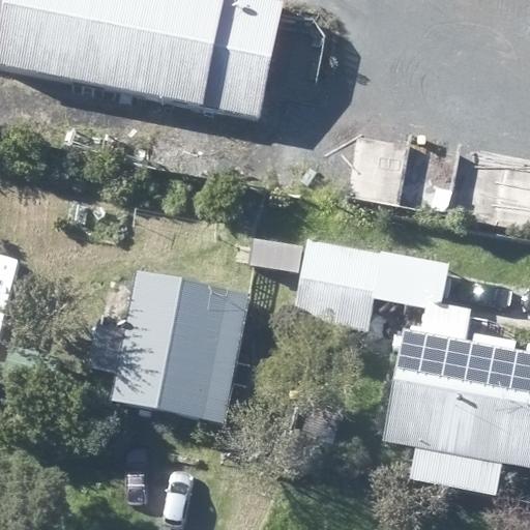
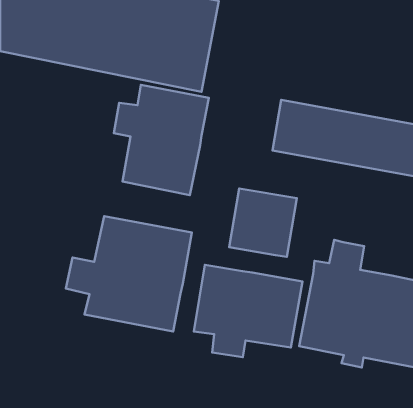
building: none -> [114,85,209,195]
building: none -> [194,265,302,357]

